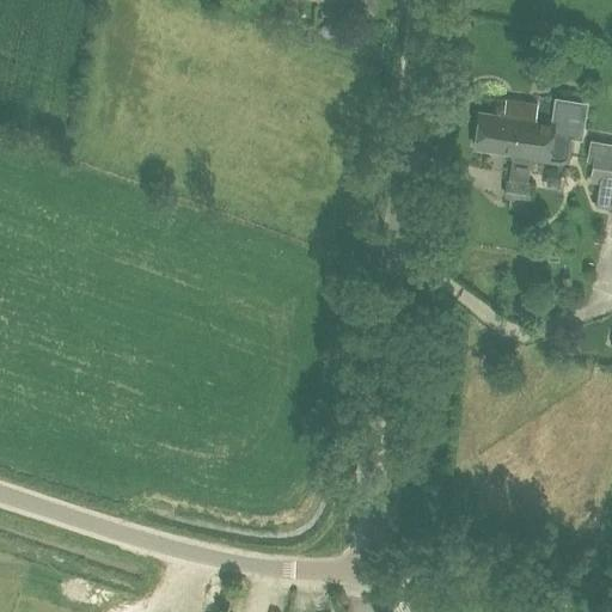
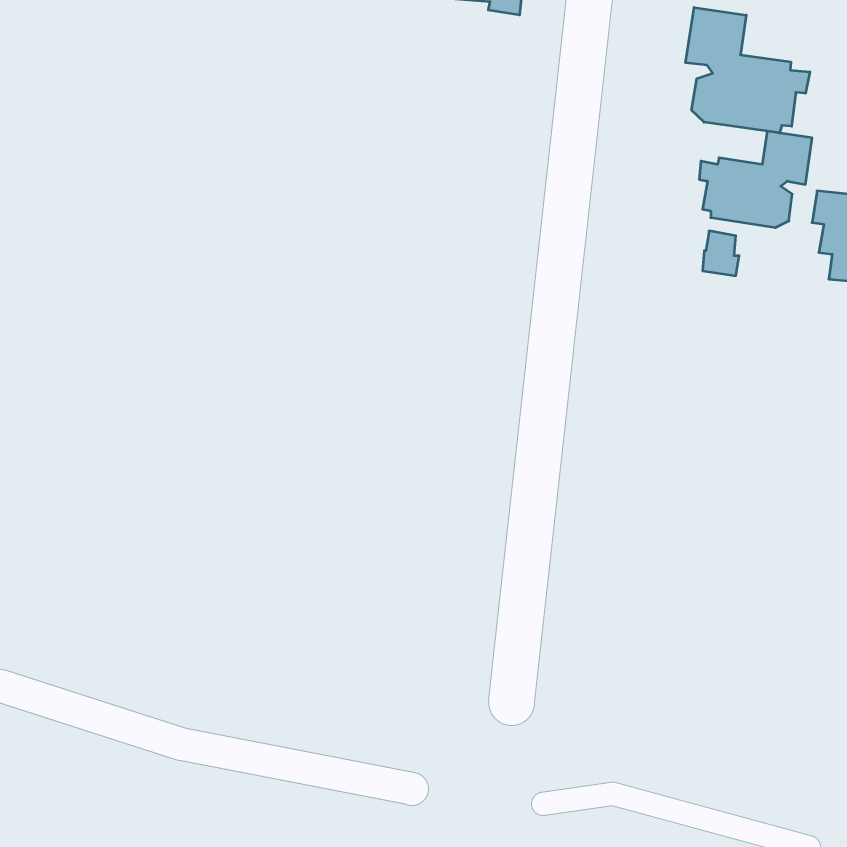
building: none -> [686,7,810,133]
building: [475,112,510,151] -> none

